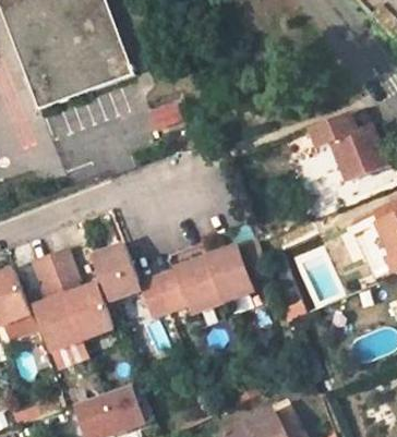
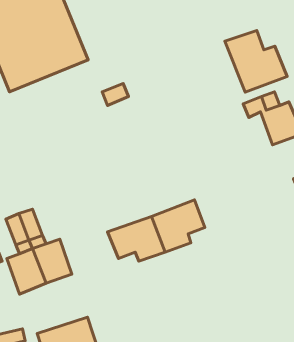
building: none -> [225,30,287,92]
building: [93,248,169,318] -> none

